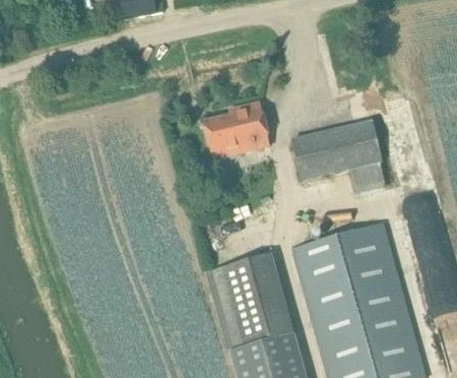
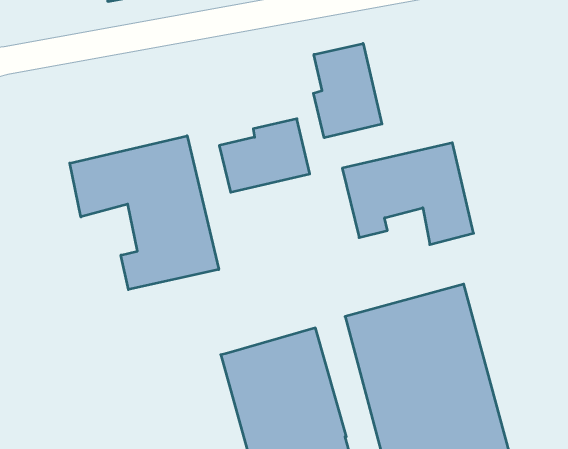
building: none -> [313,43,382,138]
building: none -> [70,136,219,290]

